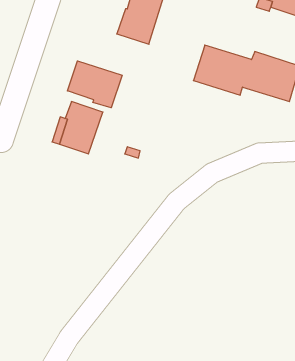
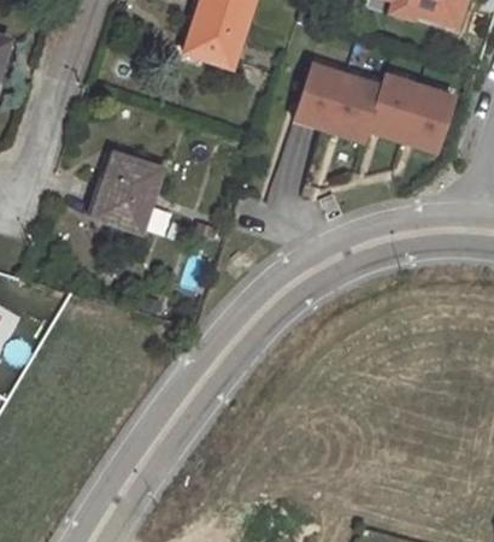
building: [67,61,122,108] -> none

